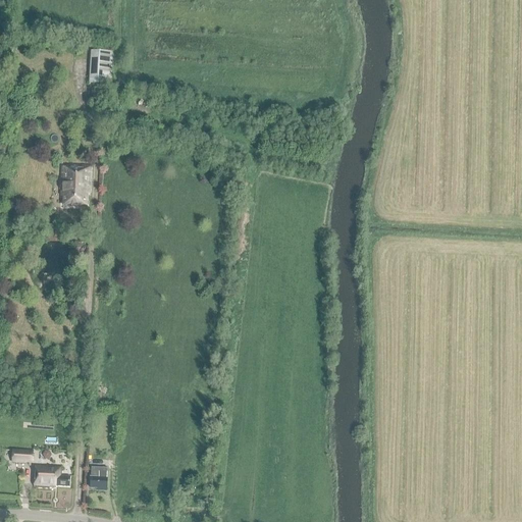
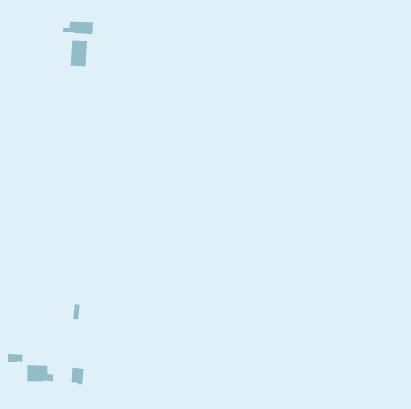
building: none -> [63,21,94,35]
building: [59,165,89,205] -> none

